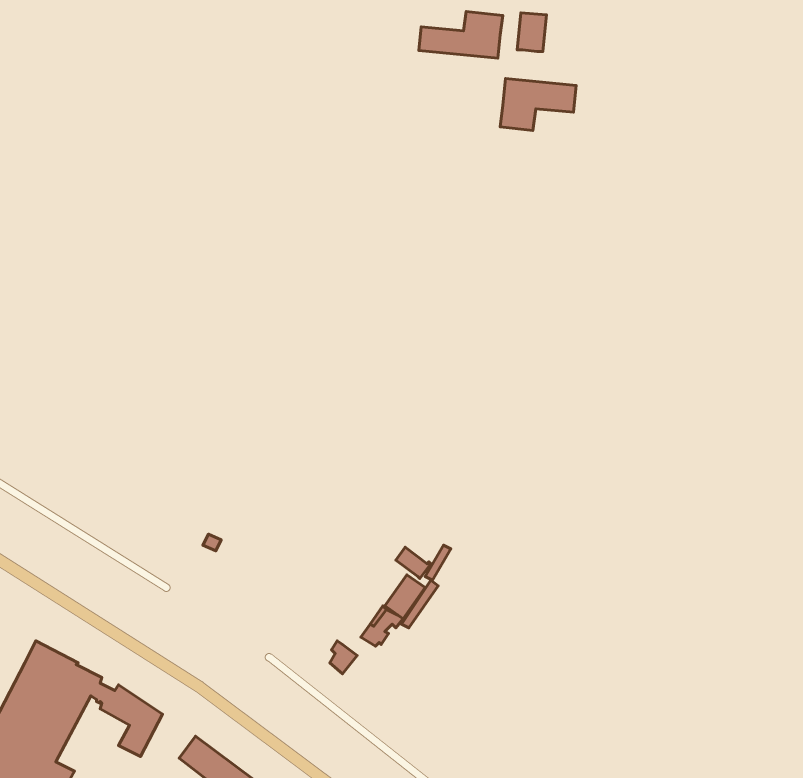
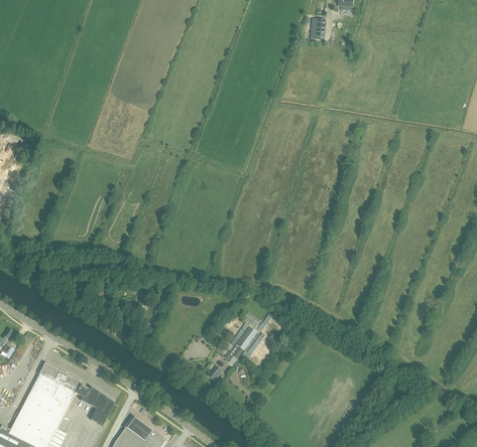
building: [419,12,503,58] -> none
building: [500,78,576,131] -> none

